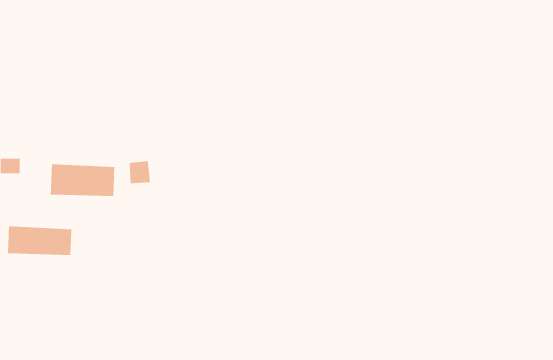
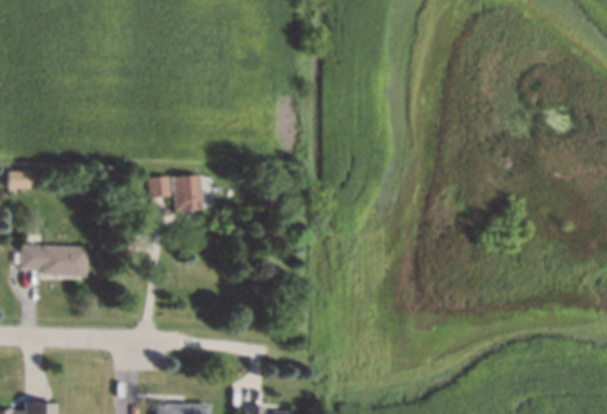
building: none -> [173,174,204,211]
building: [50,163,115,197] -> none

